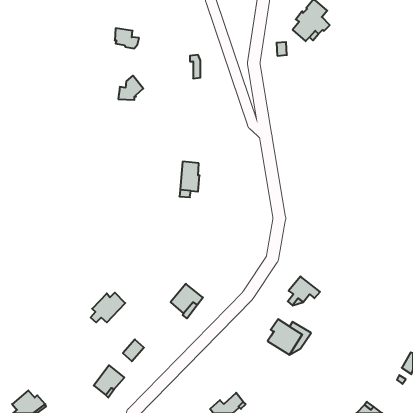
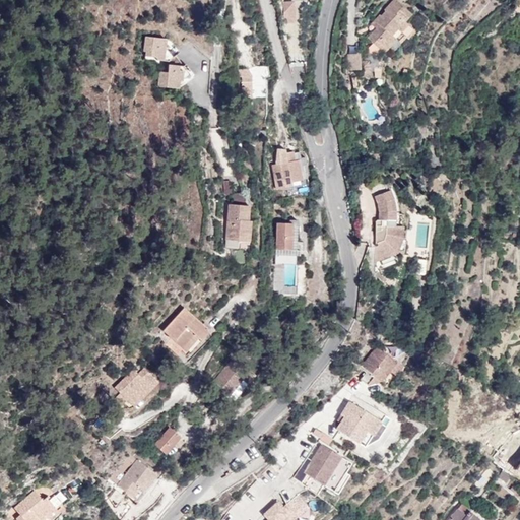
building: [118,76,143,100] -> [158,57,190,87]
building: none -> [273,148,303,188]
building: none -> [374,190,402,271]
building: none -> [276,222,292,249]
building: none -> [164,307,210,351]
building: none -> [304,444,351,491]

